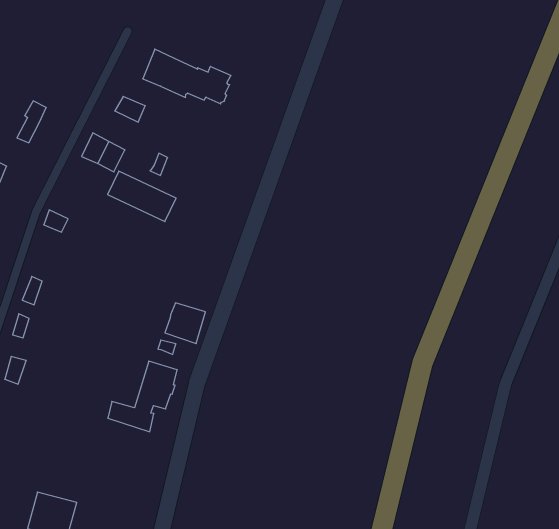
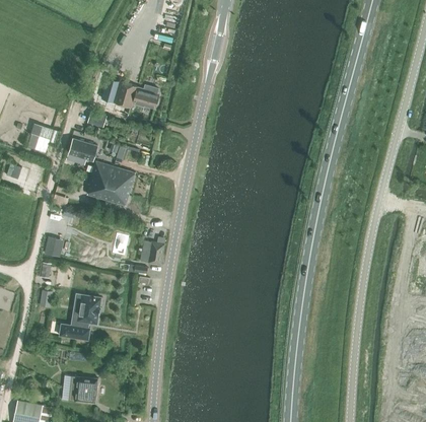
building: none -> [86,177,130,205]
building: [108,361,177,432] -> [60,294,100,340]

